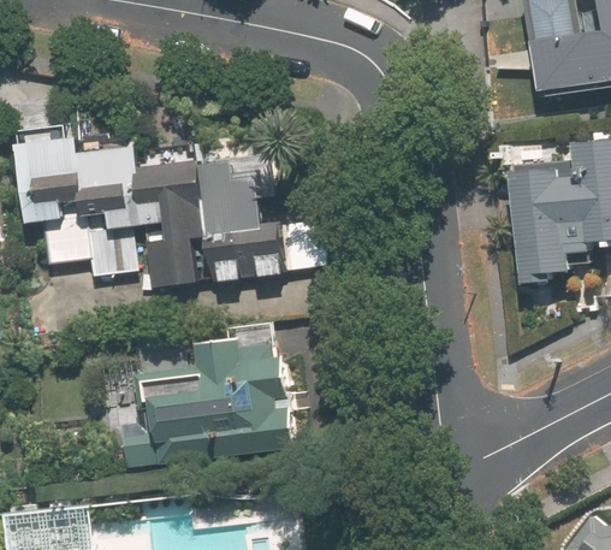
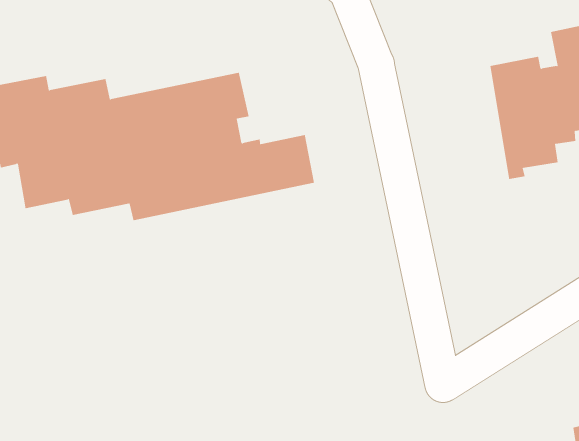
building: [123,335,297,465] -> none

